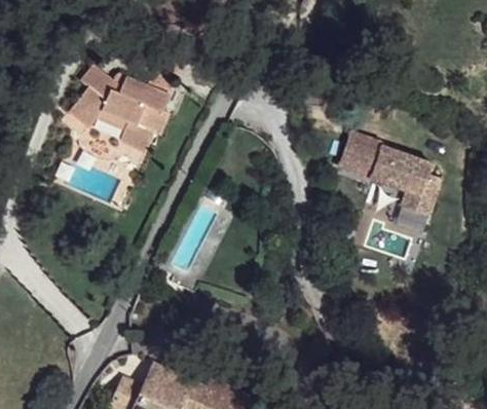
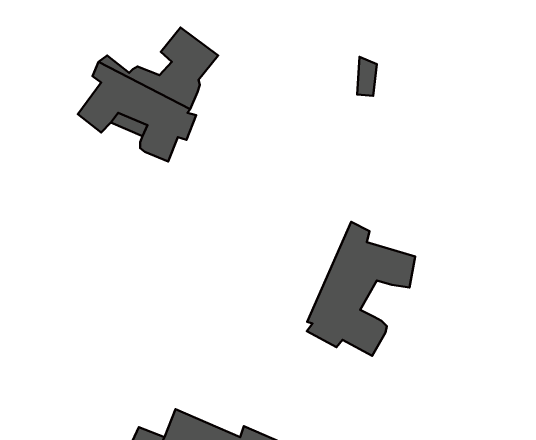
building: [338,135,442,218] -> none
building: none -> [307,222,415,356]

